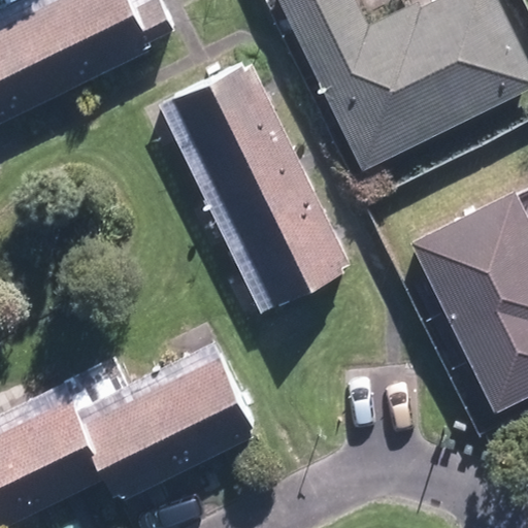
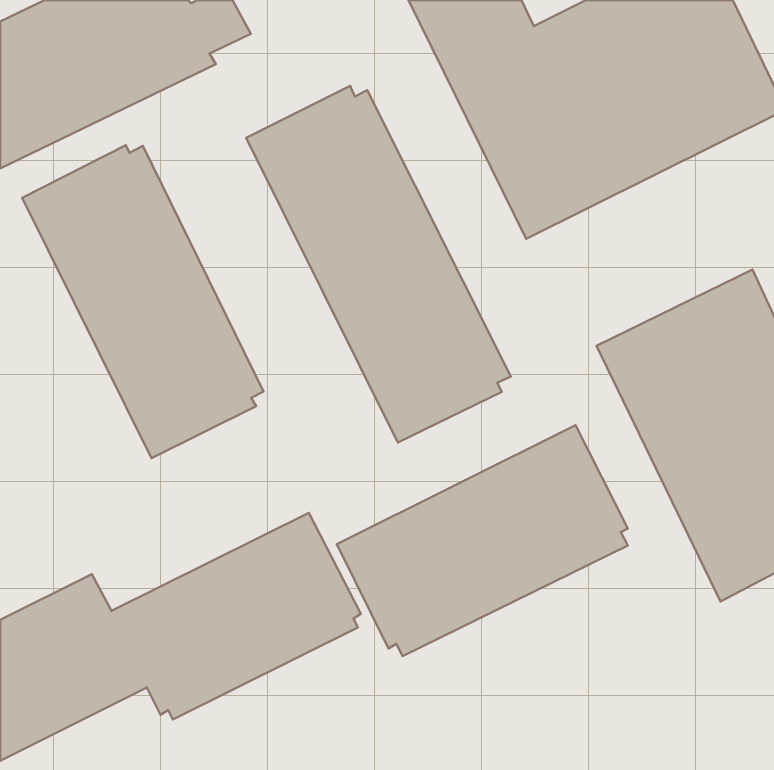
building: none -> [22,145,264,458]
building: none -> [337,425,628,656]

